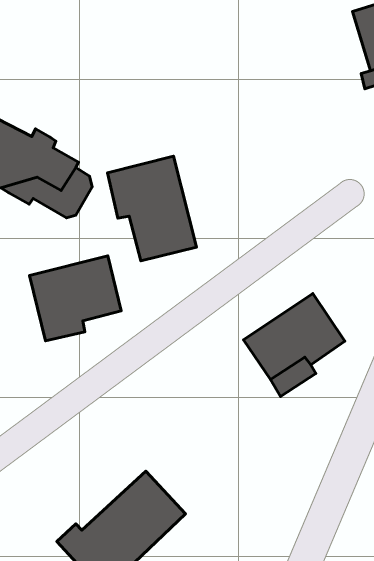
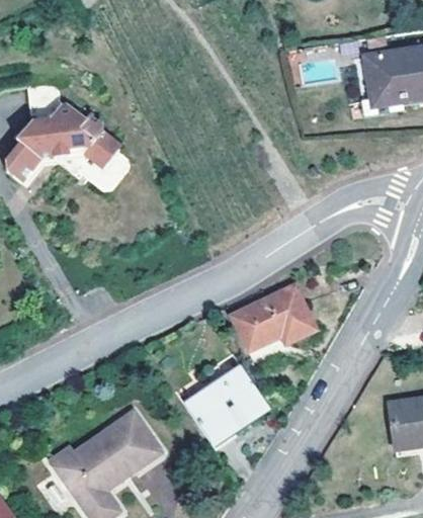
building: [107,156,197,261] -> none
building: [29,256,121,341] -> none
building: none -> [185,365,270,444]

